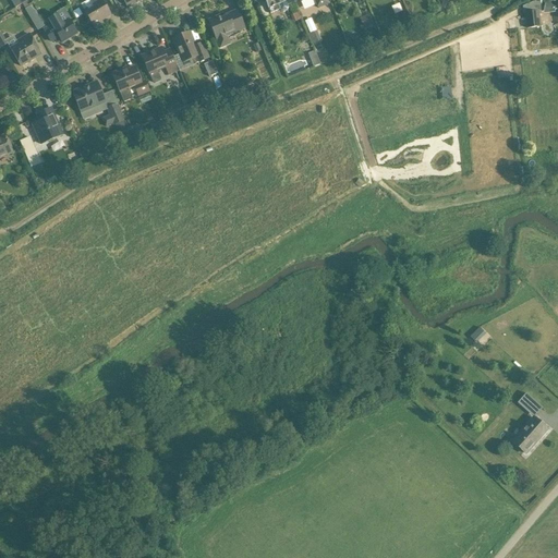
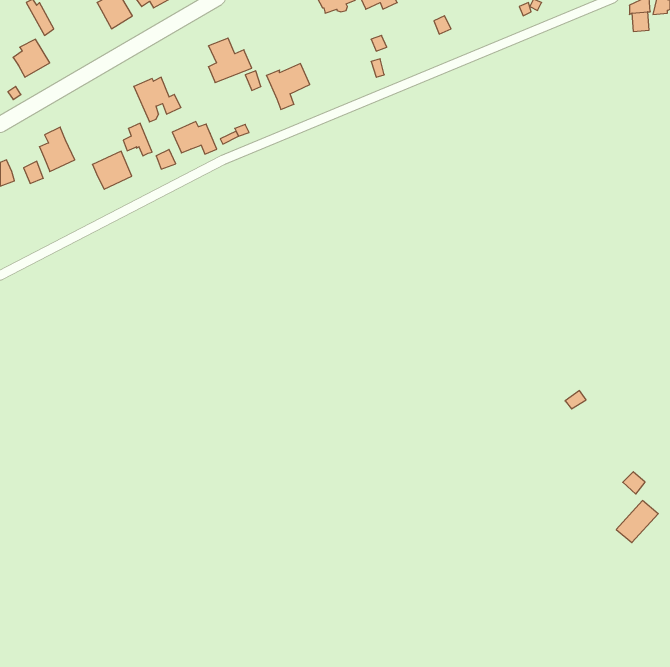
building: [208,9,244,47] -> [266,64,310,109]
building: [44,12,77,40] -> none
building: [142,46,179,73] -> [172,122,217,154]
building: [72,80,105,111] -> [92,151,132,189]

